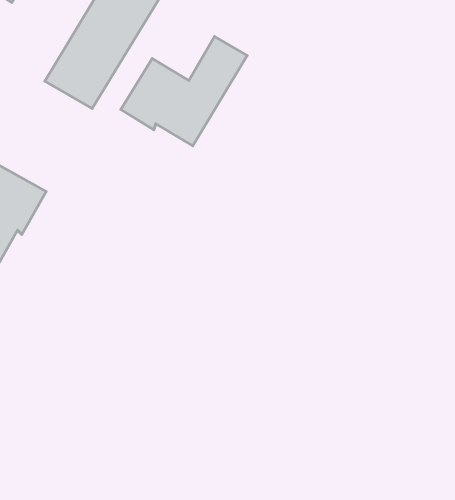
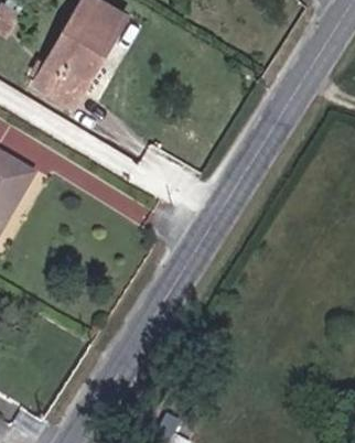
building: [121,36,247,146] -> none

